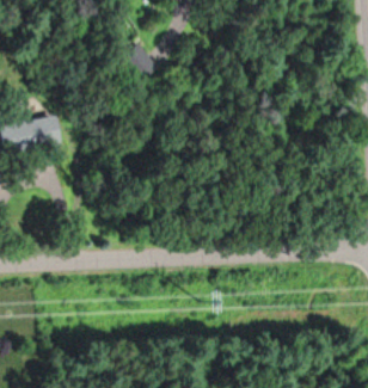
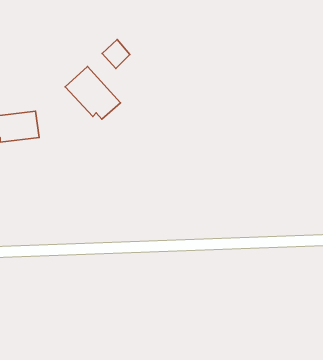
building: none -> [65,67,121,119]

